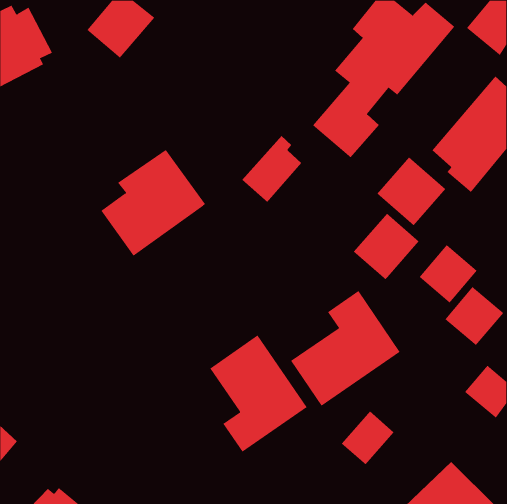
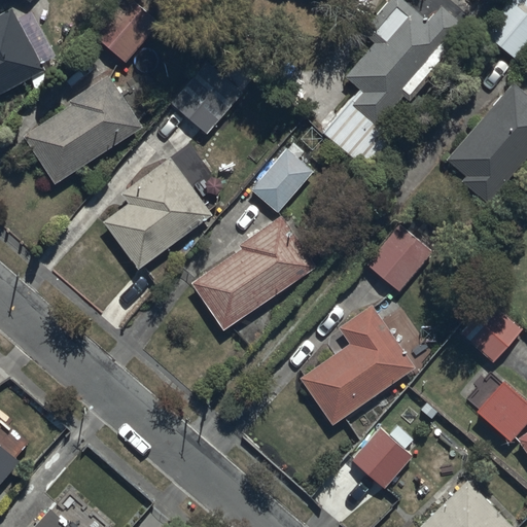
building: none -> [179,63,242,127]
building: none -> [23,76,142,184]
building: [376,156,446,226] -> none
building: none -> [191,216,316,329]
building: [419,244,478,303] -> none
building: [209,335,308,453] -> none

